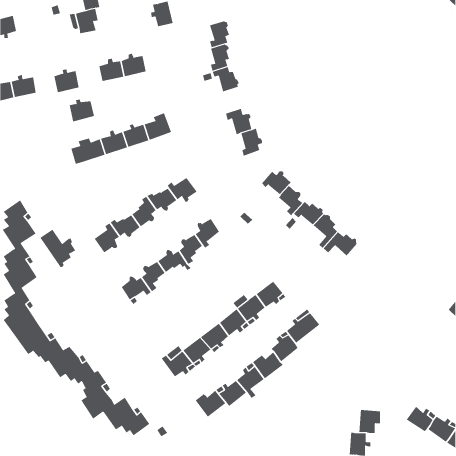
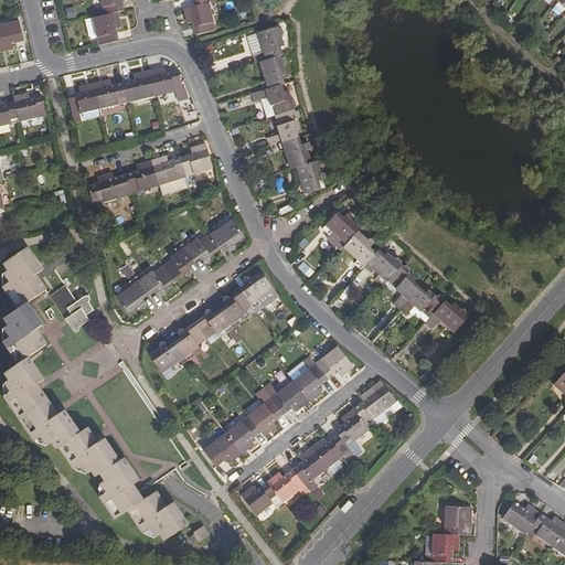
building: none -> [268,107,299,143]
building: [69,99,95,122] -> [94,79,126,108]
building: none -> [424,299,468,328]

